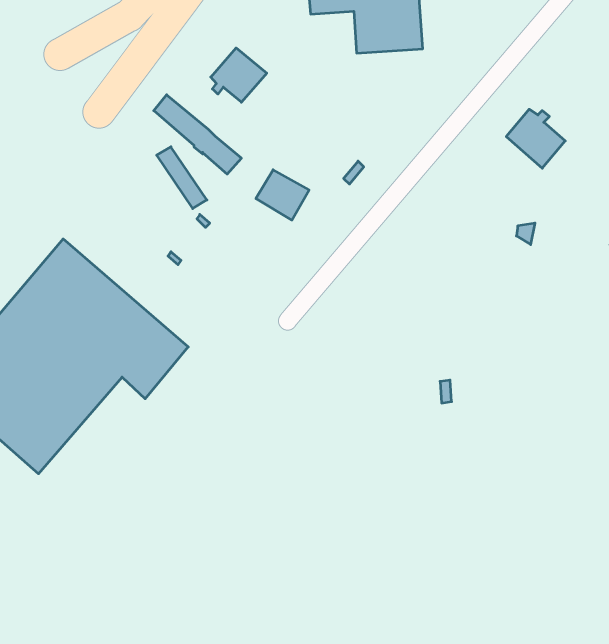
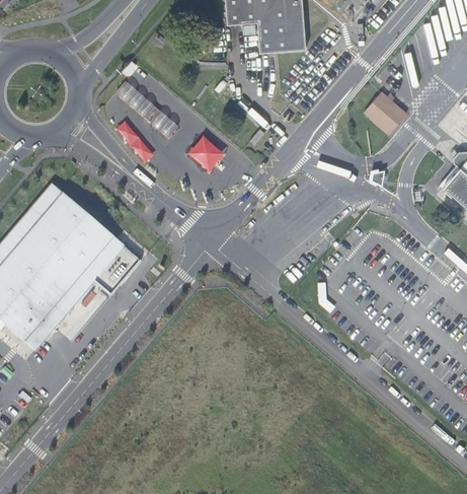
building: [211,48,267,102] -> none

